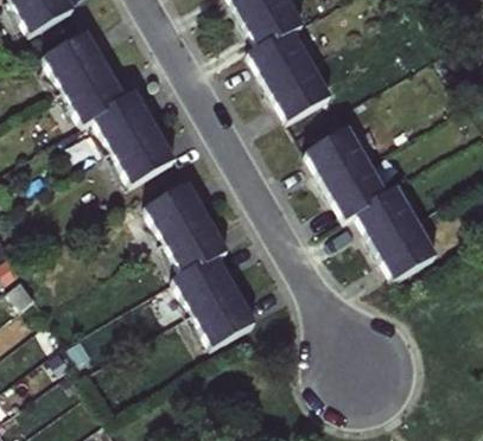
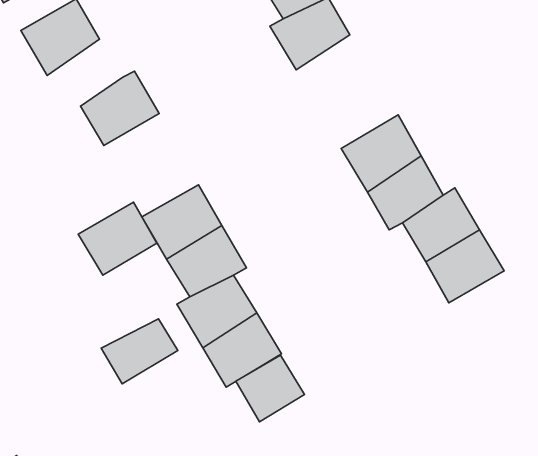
building: [267,59,331,120] -> none
building: [64,63,126,123] -> none
building: [110,123,174,183] -> [78,202,157,275]
building: none -> [101,319,178,384]
building: none -> [236,355,305,422]

